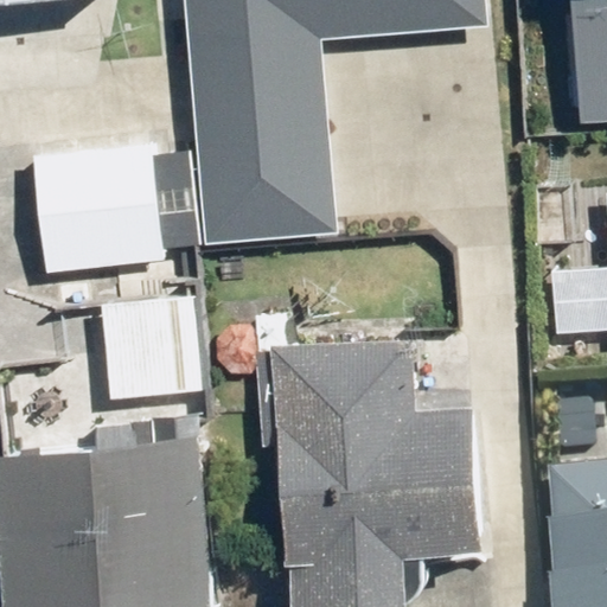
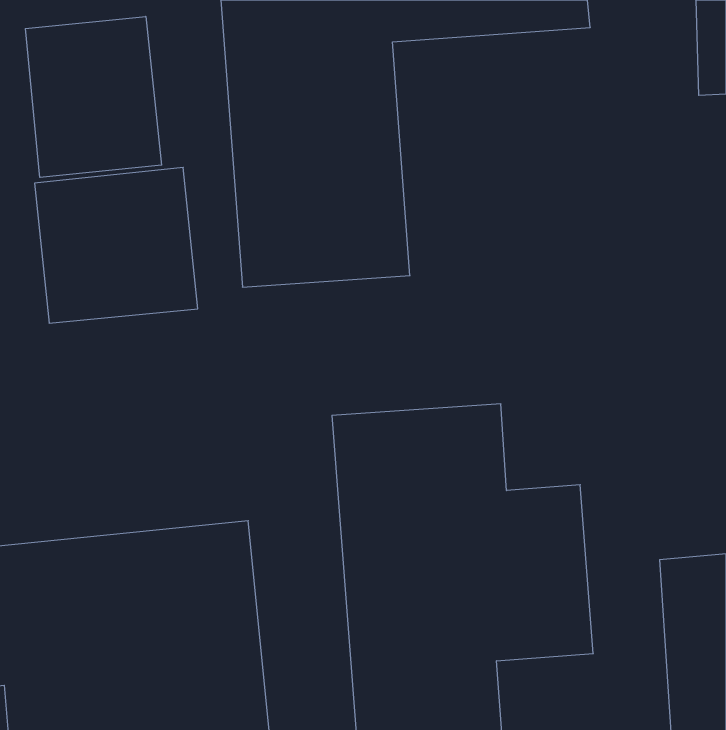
building: none -> [25,16,162,177]
building: [102,294,203,398] -> none

